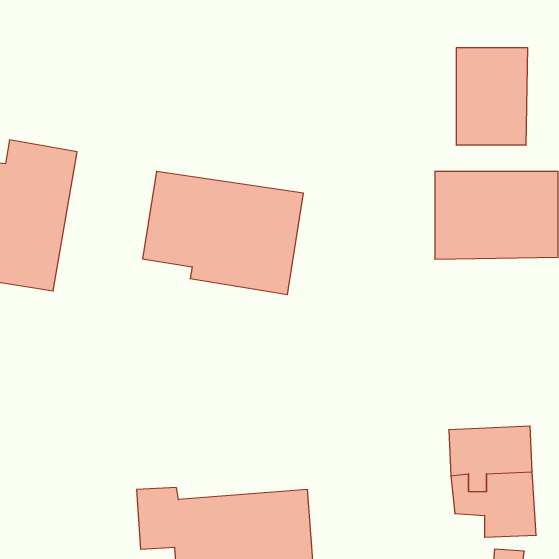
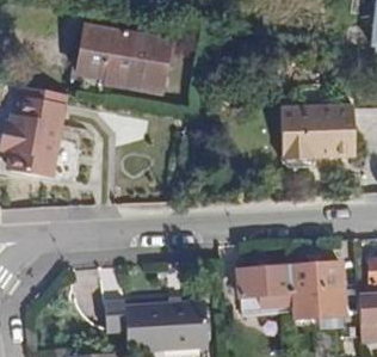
building: [456,48,527,145] -> none
building: [142,171,303,295] -> [74,23,171,97]
building: none -> [239,261,291,306]

